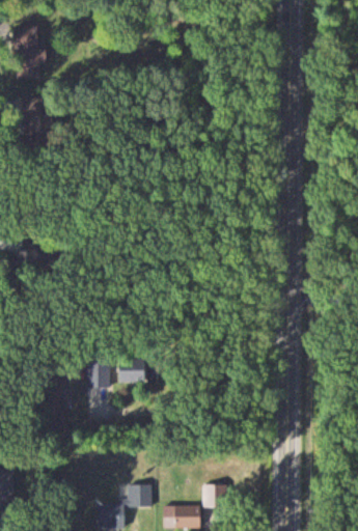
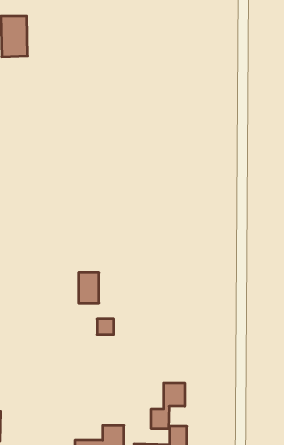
building: [87,354,110,388] -> [79,273,99,303]
building: none -> [151,383,185,429]

